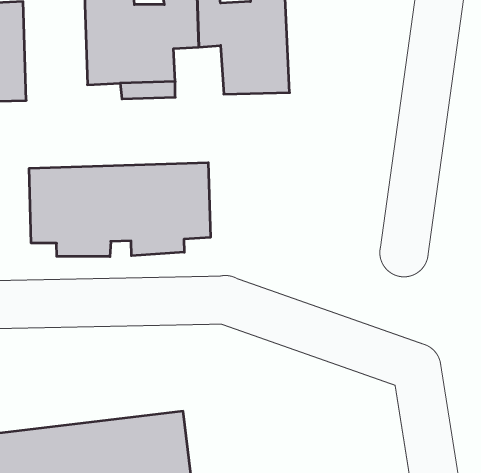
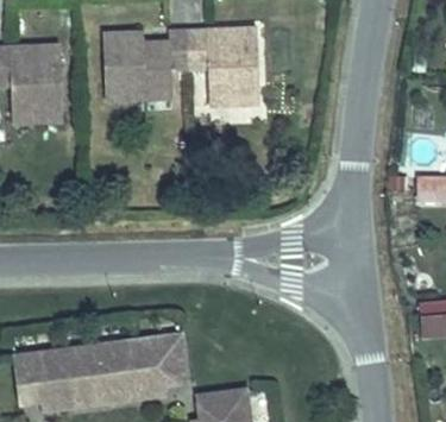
building: [29,163,210,257] -> none

